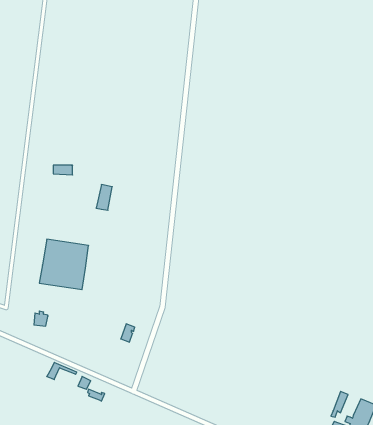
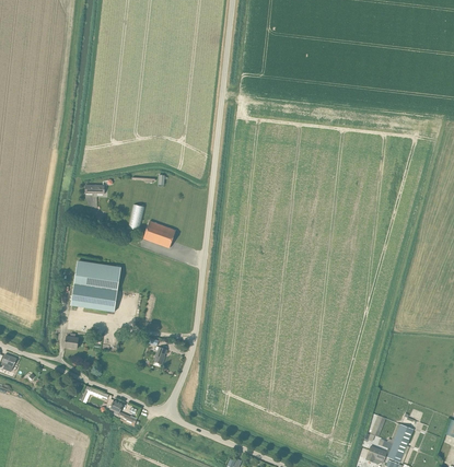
building: none -> [144,220,177,247]

